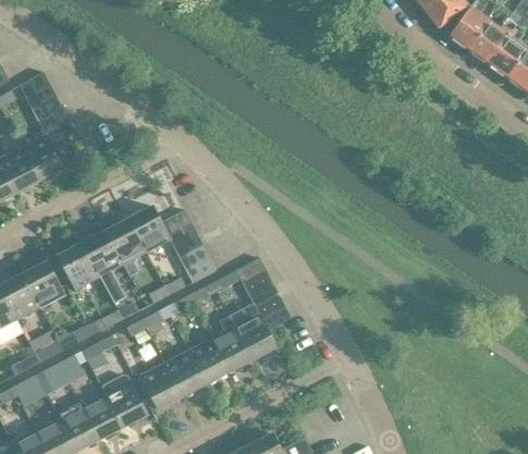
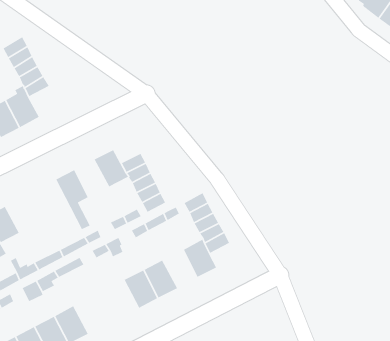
building: [105,218,146,263] -> none
building: [57,242,99,289] -> none
building: [22,261,63,306] -> none
building: [210,318,251,372] -> none
building: [139,361,182,408] -> none
building: [101,373,146,427] -> none

